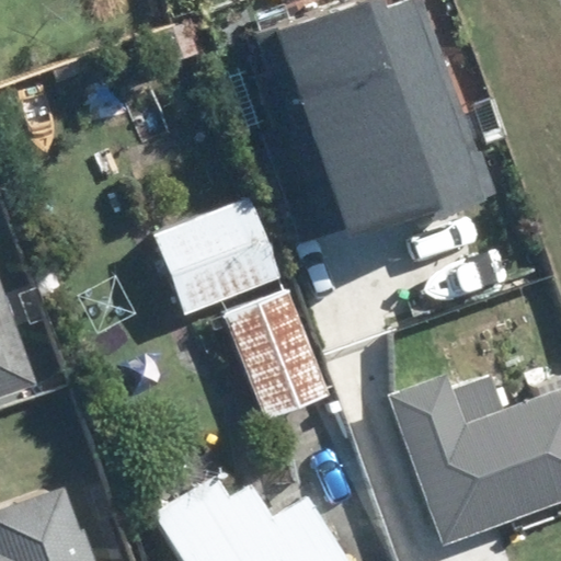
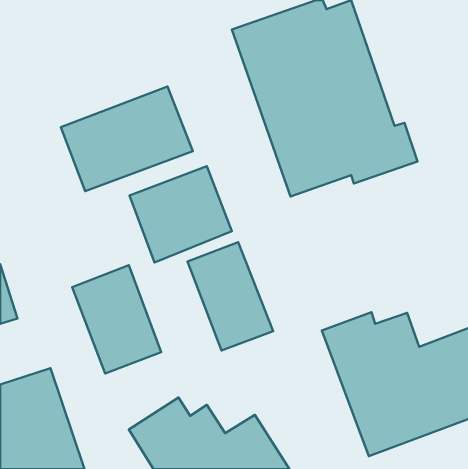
building: none -> [61,87,193,191]
building: none -> [72,265,161,373]

